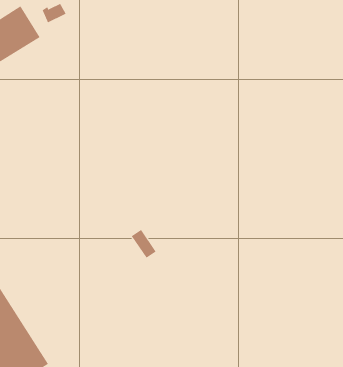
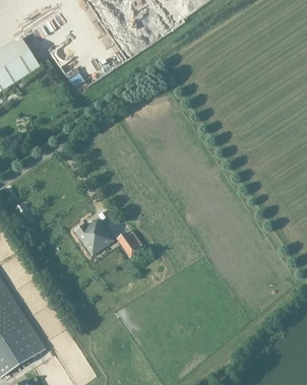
building: none -> [74,218,114,255]

